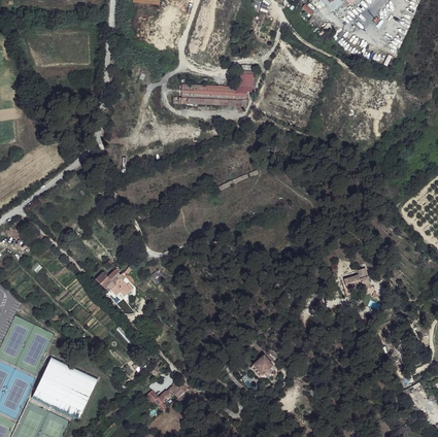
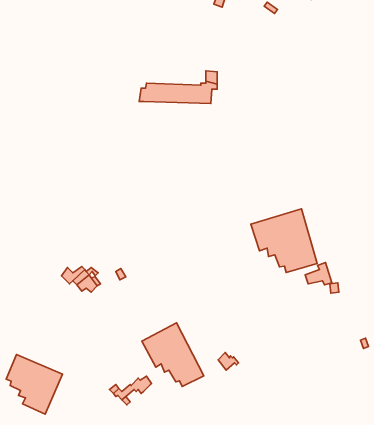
building: none -> [251,209,317,272]
building: none -> [142,323,204,387]

